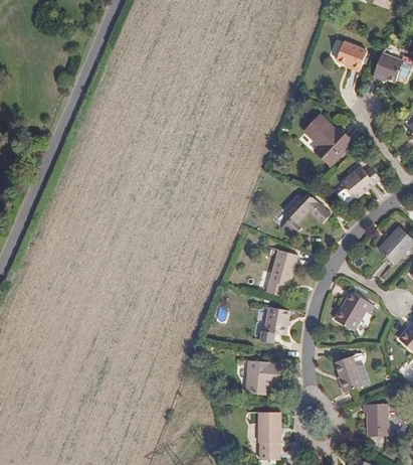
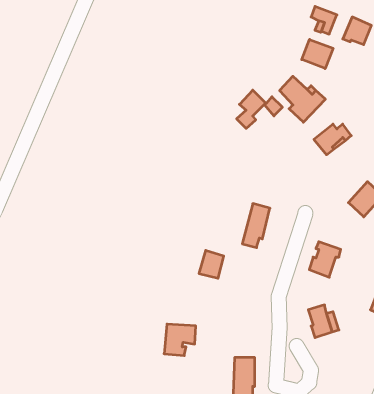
building: none -> [302,39,333,69]
building: [281,195,330,236] -> [237,90,282,128]
building: [262,304,288,333] -> [199,250,224,278]
building: [245,359,278,393] -> [164,324,196,356]
building: [362,403,387,435] -> none

